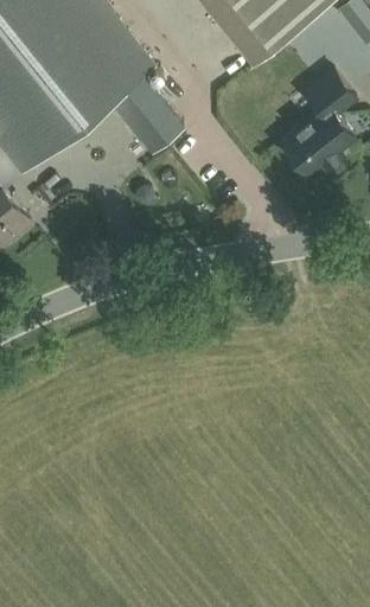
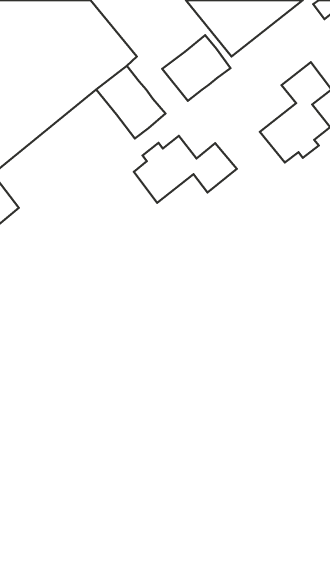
building: none -> [162,35,230,101]
building: none -> [134,136,237,203]

